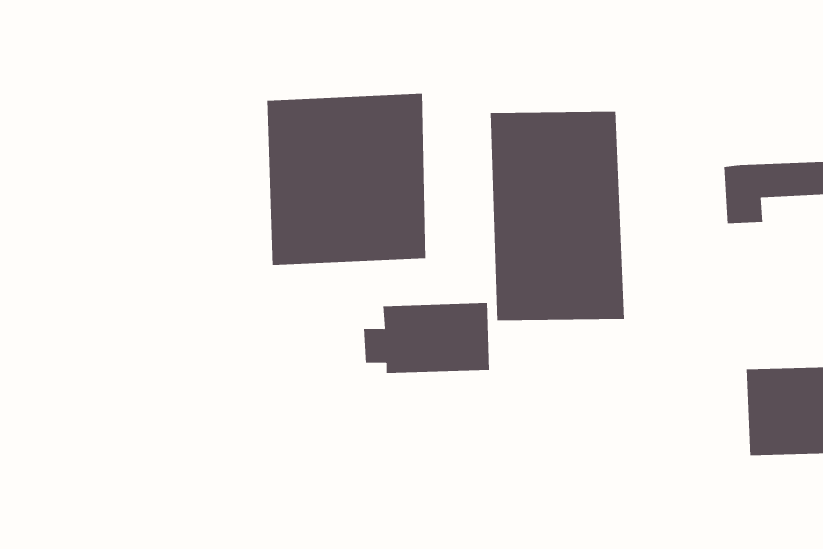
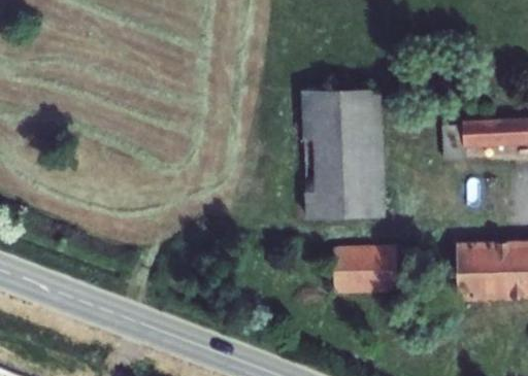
building: [267,93,426,266] -> none
building: [363,303,490,374] -> [324,248,399,290]

